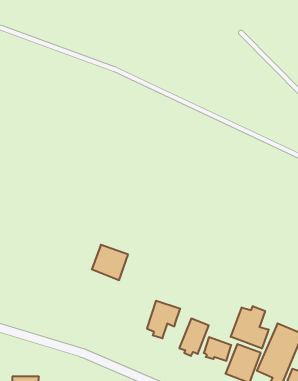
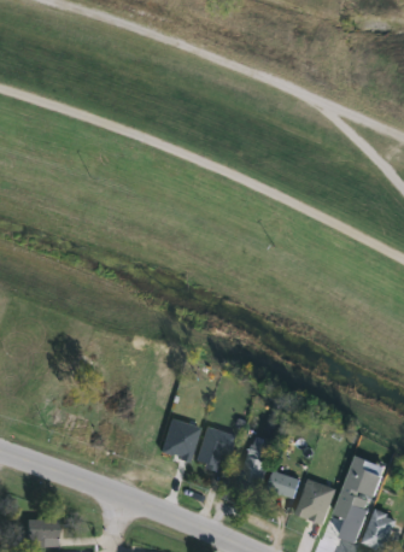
building: [92,245,128,280] -> [154,417,199,460]
building: [231,306,269,349] -> none

